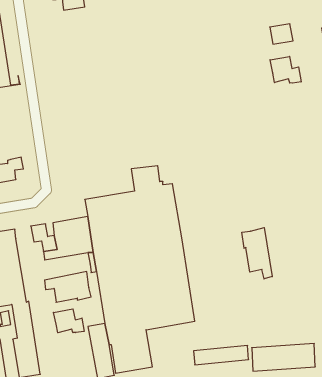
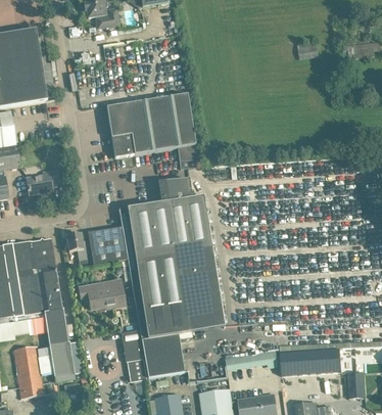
building: [270,56,301,83] -> none
building: none -> [106,93,198,159]
building: [242,228,272,279] -> none
building: [53,309,84,333] -> none

